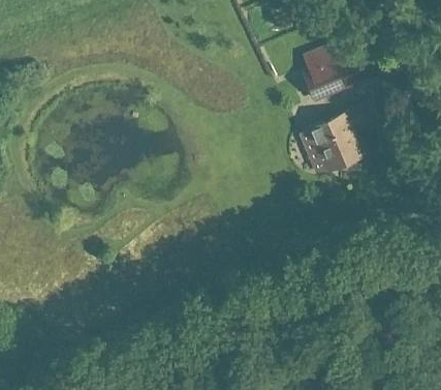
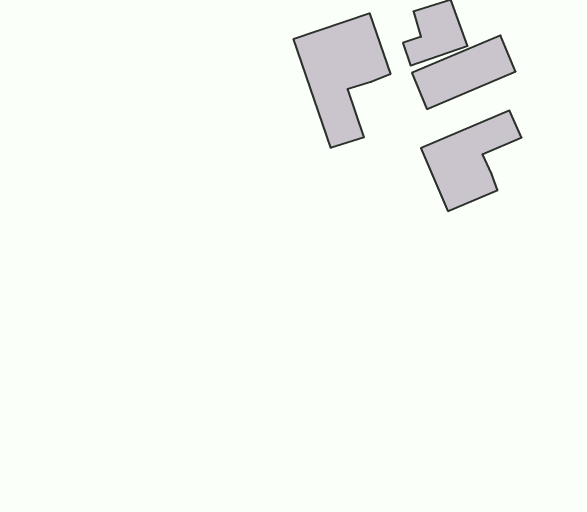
building: none -> [294,13,390,148]

